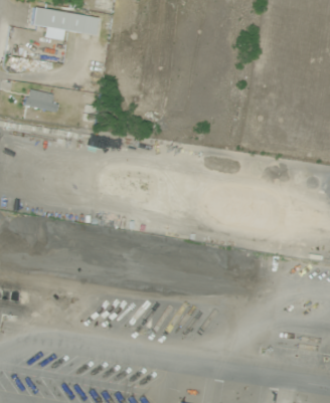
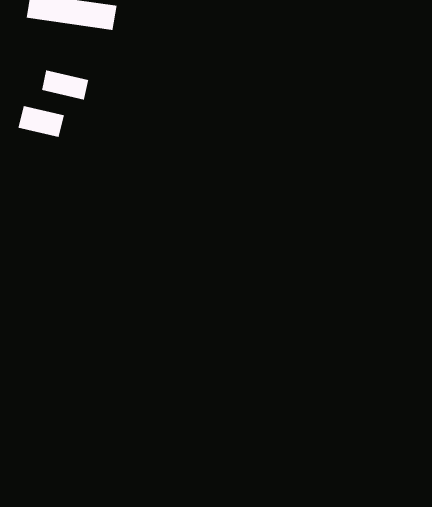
building: none -> [41,70,89,101]

